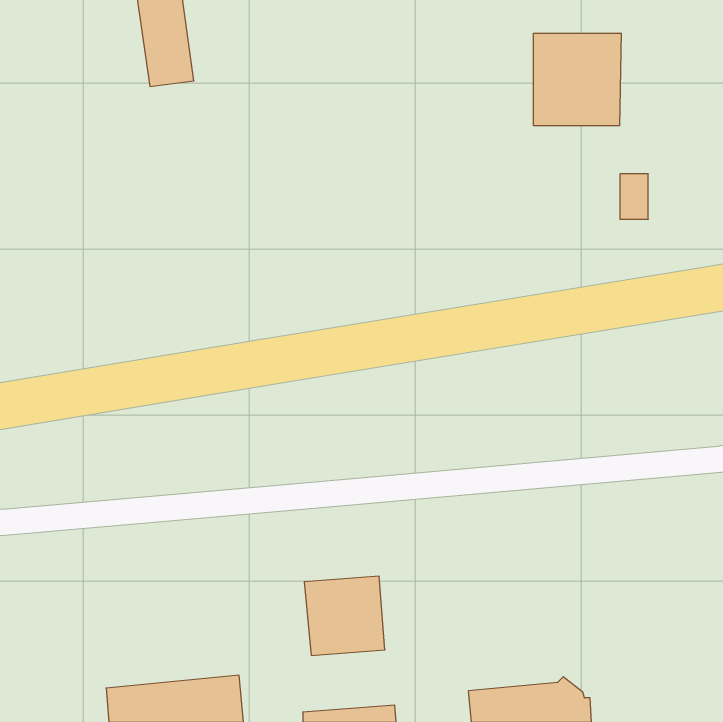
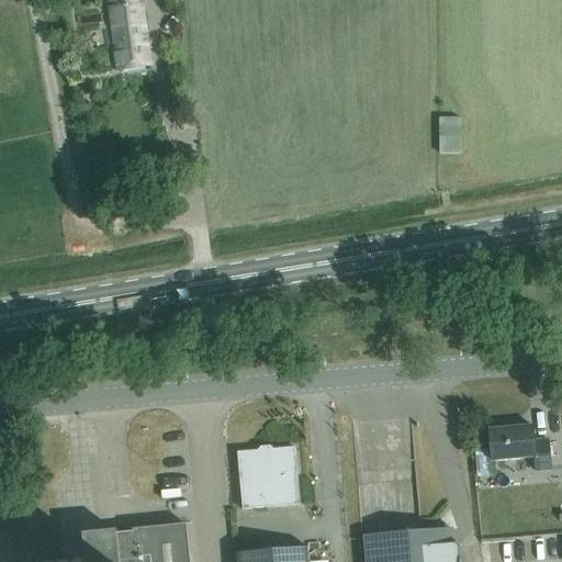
building: [534,33,621,126] -> none
building: [620,174,648,219] -> [438,117,460,153]
building: none -> [475,424,549,475]

